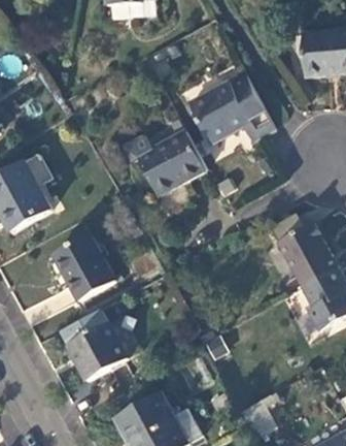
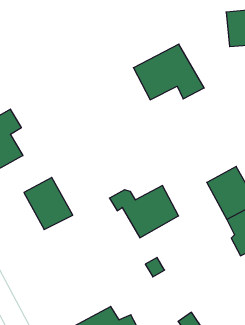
building: [120,130,205,194] -> [109,186,179,238]
building: [67,322,127,381] -> none

